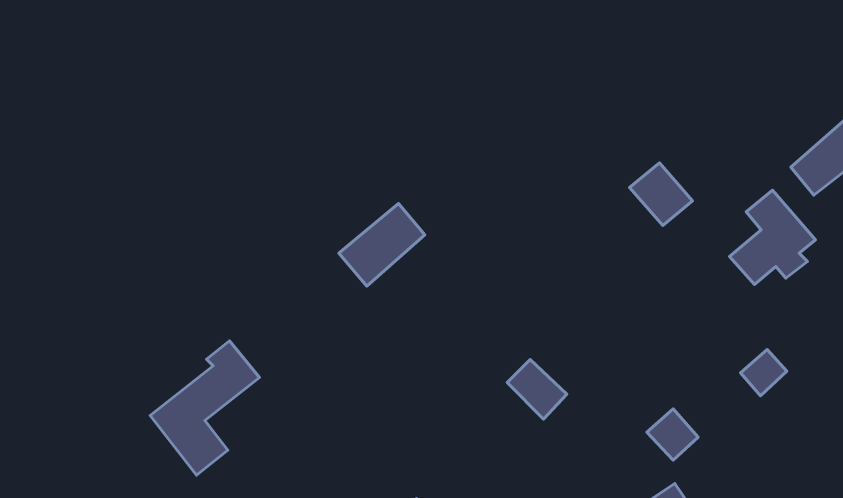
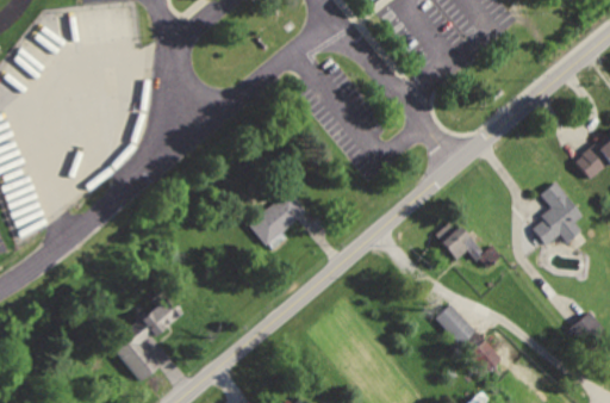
building: [630,163,692,226] -> [435,219,480,265]
building: [741,349,787,396] -> [569,312,603,346]
building: [507,359,567,419] -> [431,303,474,346]

